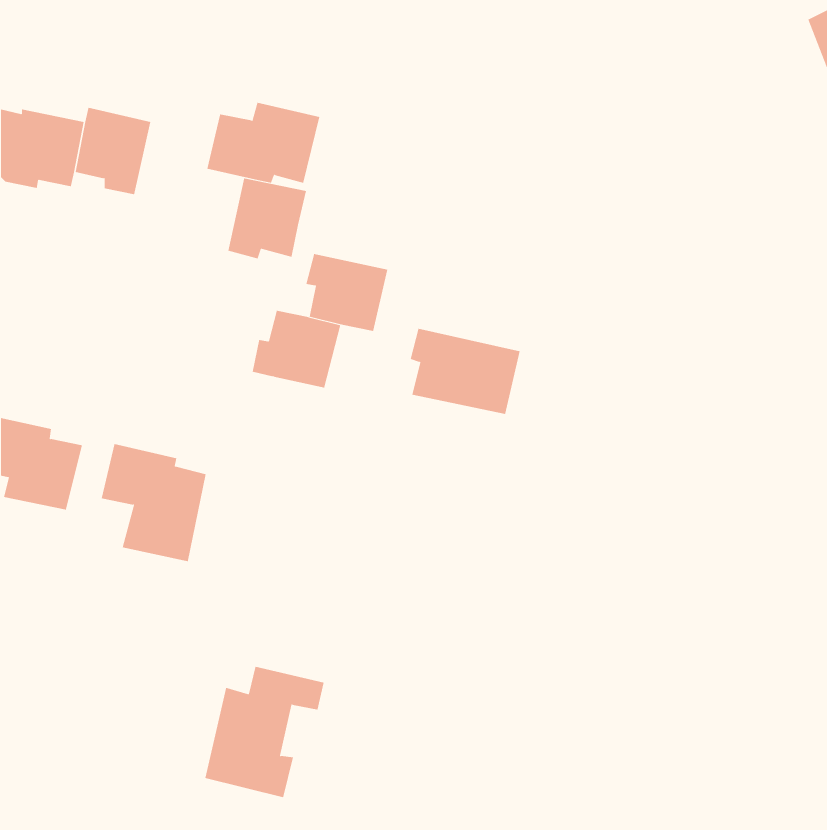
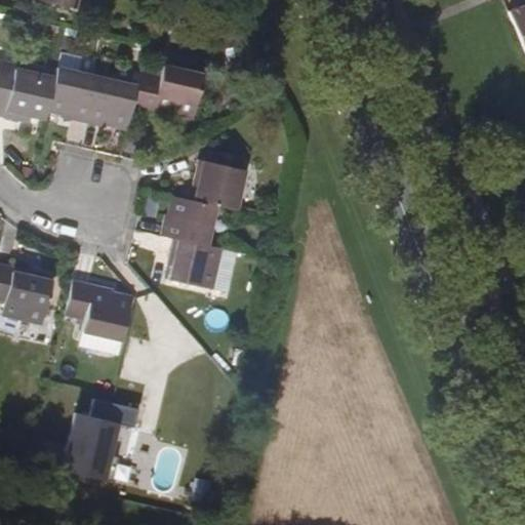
building: [227,178,307,259] -> [87,77,137,128]
building: [410,328,520,414] -> [169,238,239,292]
building: [204,666,325,798] -> [62,398,137,481]

